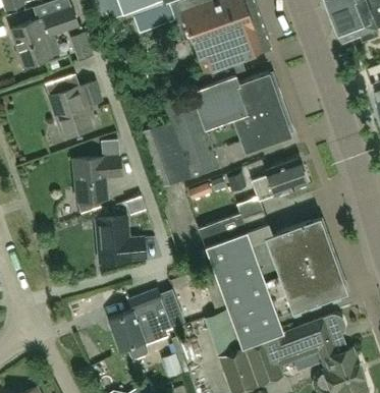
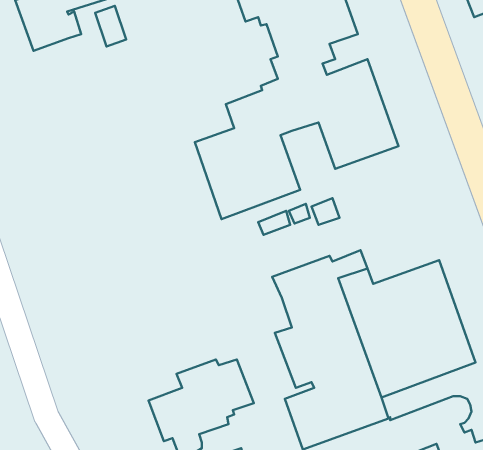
building: [45,73,99,135] -> none
building: [73,139,122,201] -> none
building: [252,159,307,201] -> none
building: [98,217,147,261] -> none

